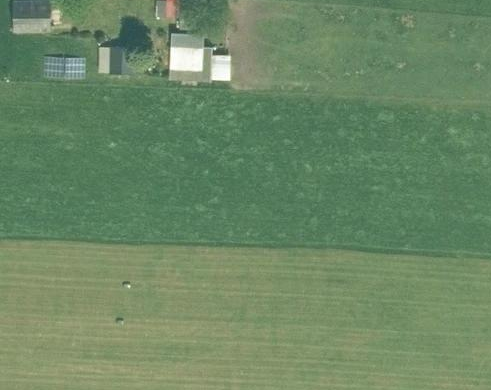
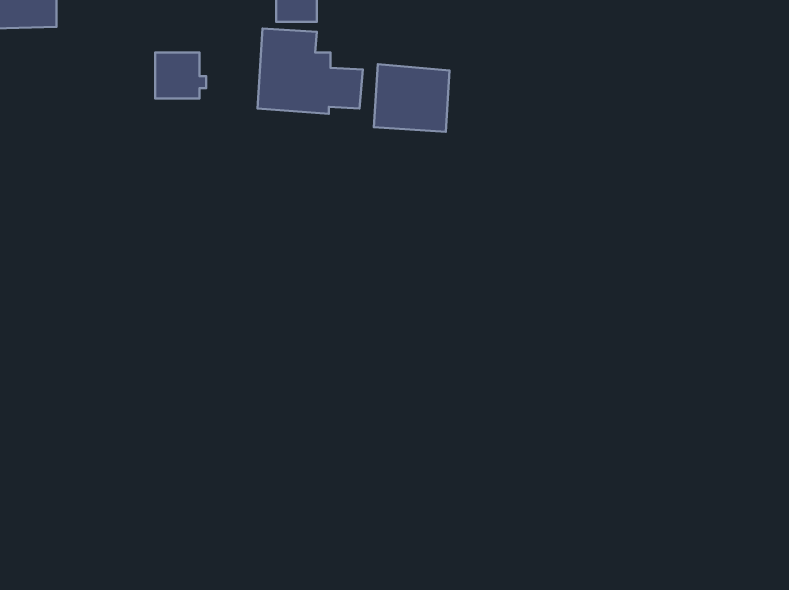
building: none -> [374,64,450,132]

